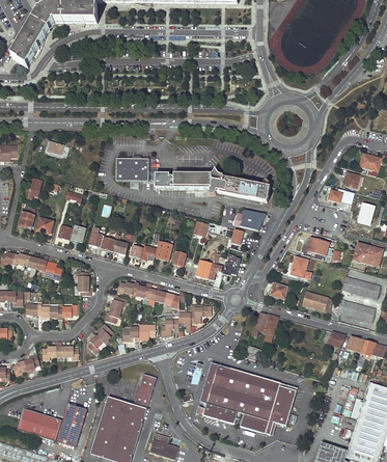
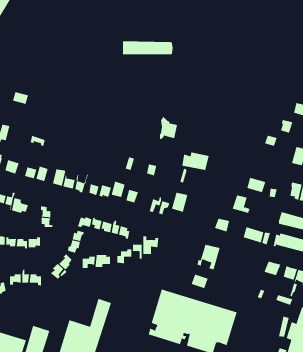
building: [115,157,147,180] -> none
building: [154,172,211,188] -> [122,41,173,55]
building: [226,179,269,201] -> none

